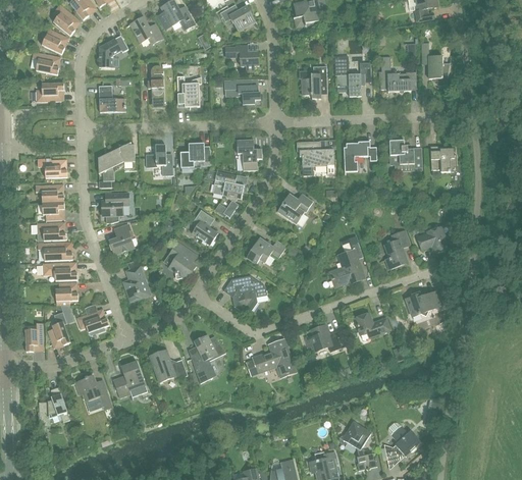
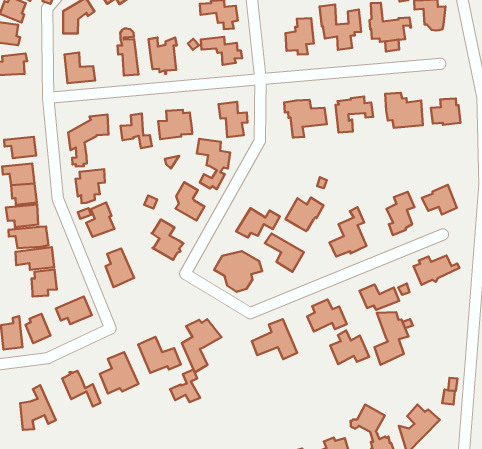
building: [276,193,312,223] -> [285,197,324,231]
building: none -> [265,233,304,272]
building: none -> [374,312,408,365]
building: none -> [330,331,369,364]
building: none -> [170,370,200,402]

